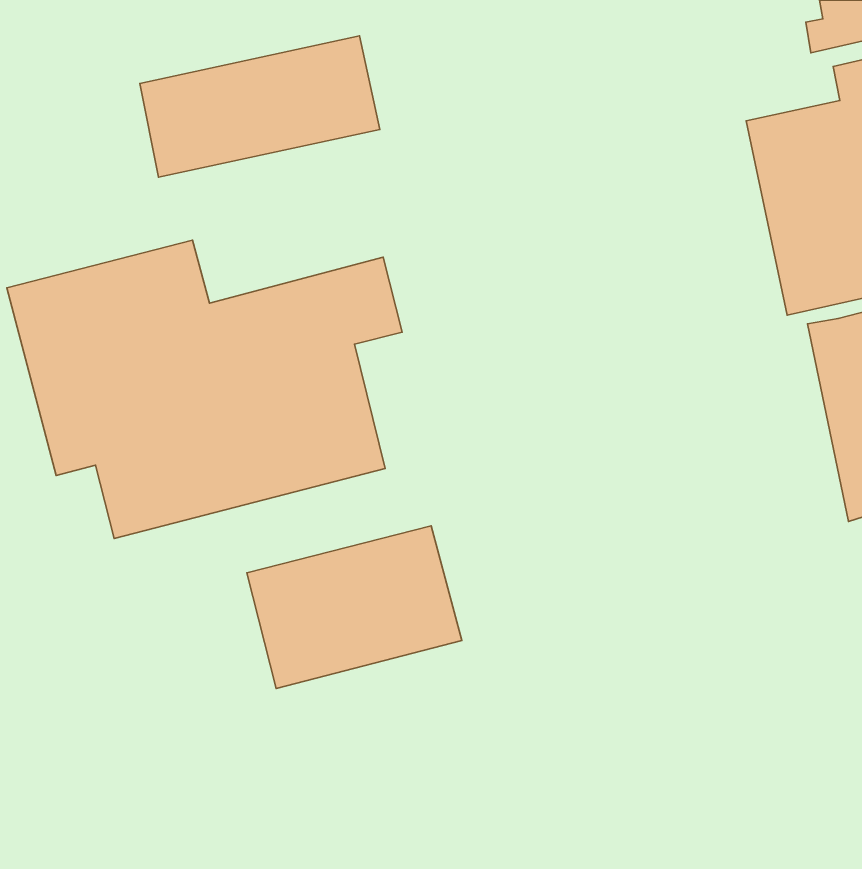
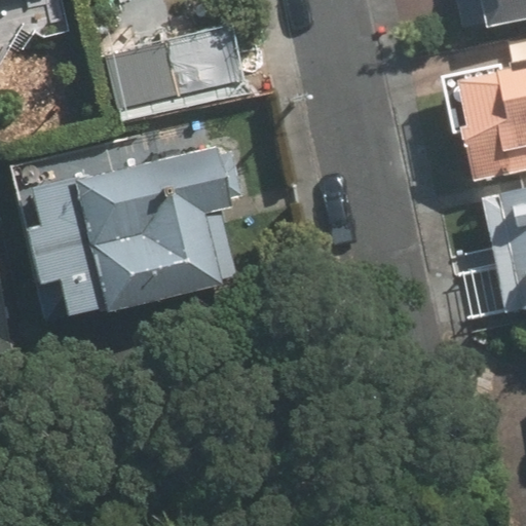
building: [247,526,462,688] -> none

